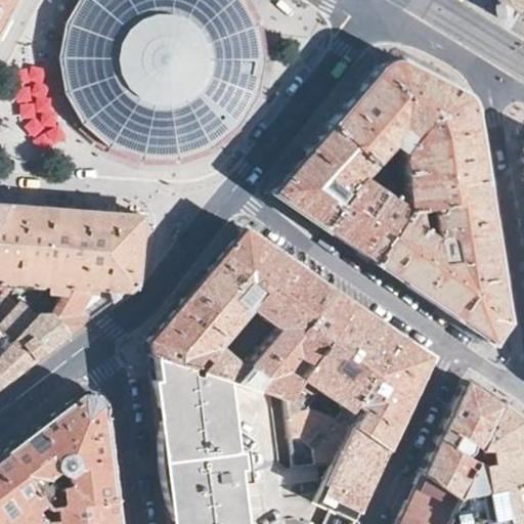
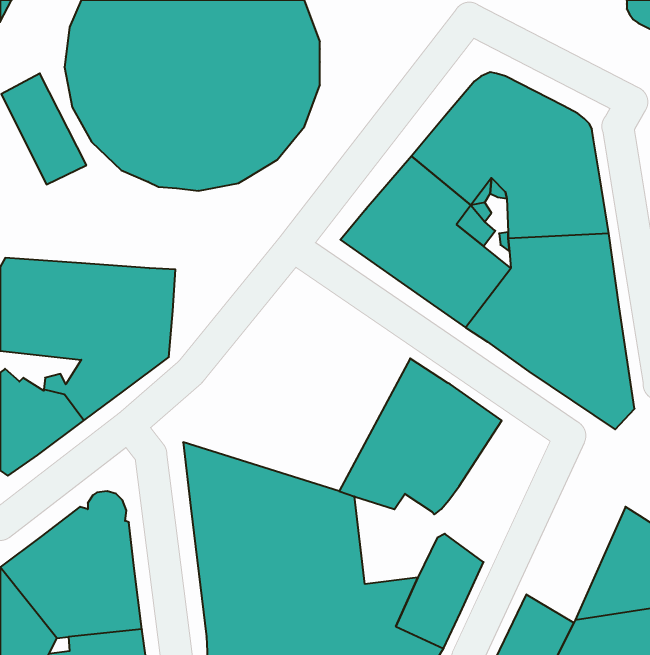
building: [150,229,333,393] -> none
building: [289,337,434,467] -> none
building: [425,381,504,497] -> none

